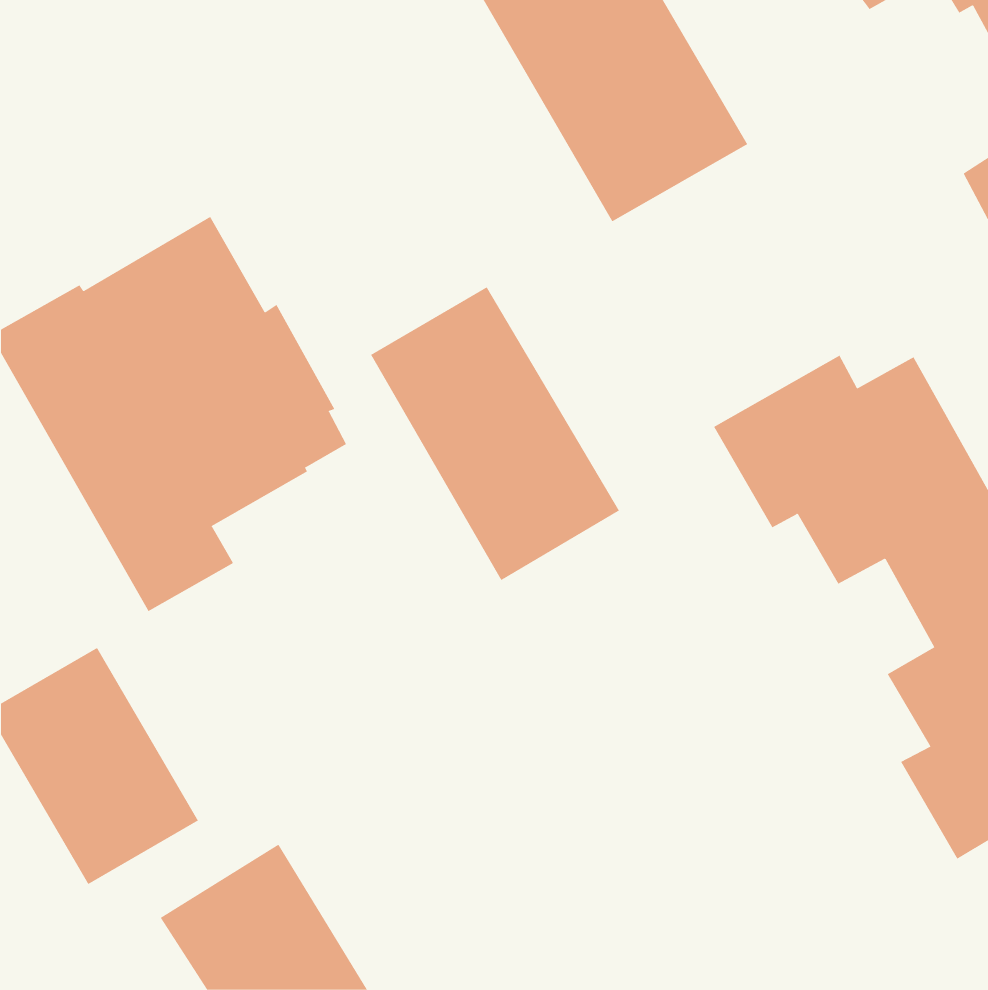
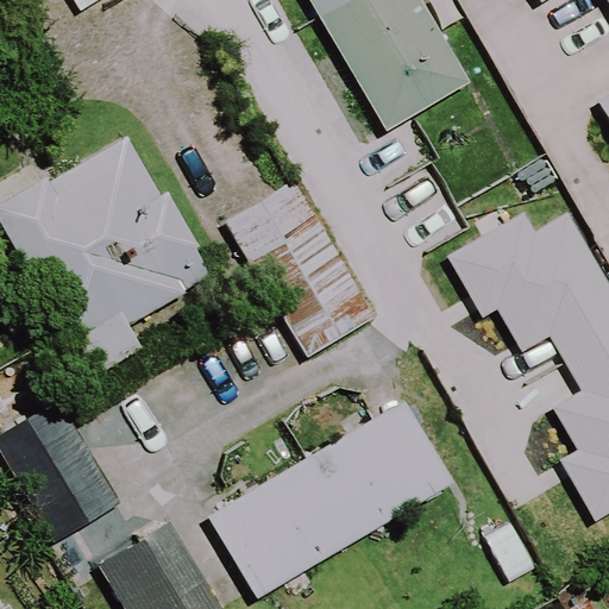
building: none -> [212,396,459,595]

